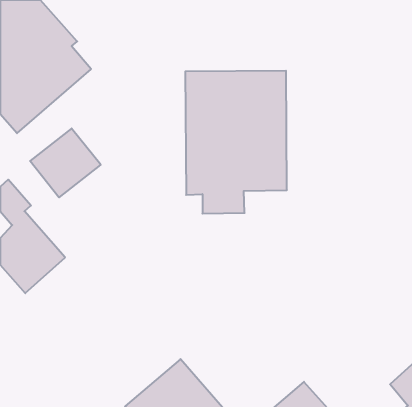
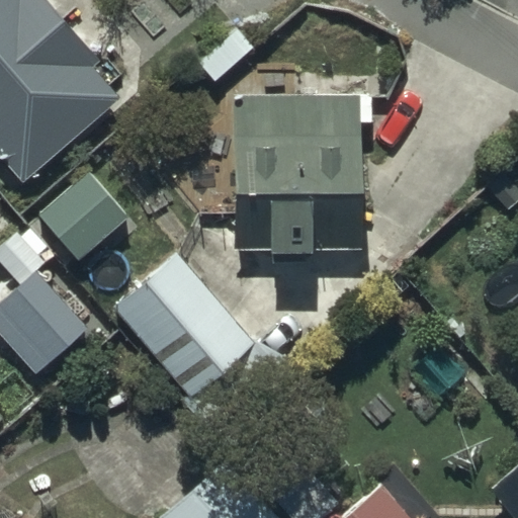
building: none -> [113,255,281,424]

